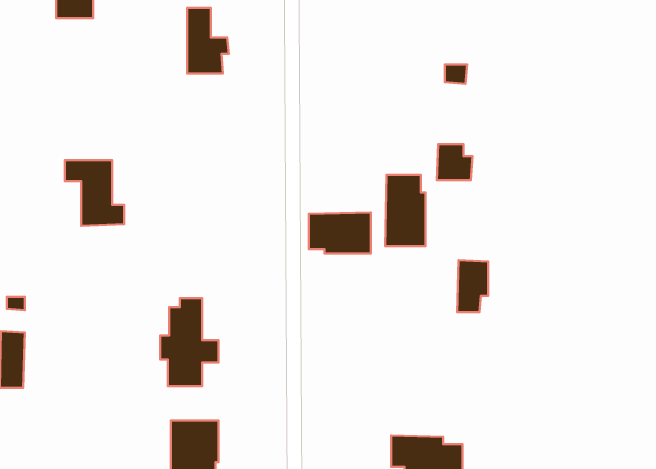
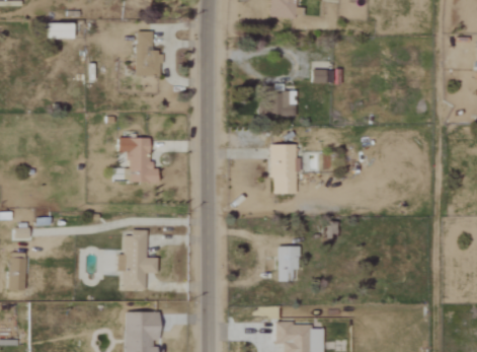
building: [437,144,472,180] -> [272,91,297,116]
building: [65,160,124,226] -> [118,138,159,183]
building: [309,212,371,254] -> none
building: [457,260,488,312] -> [279,245,300,281]

